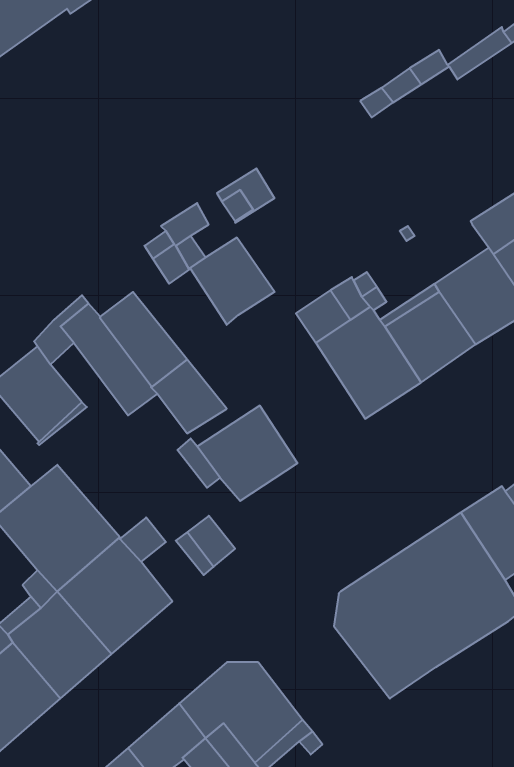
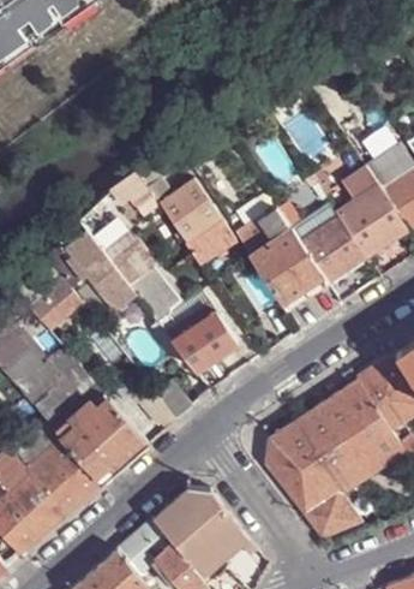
building: none -> [184,216,241,269]
building: none -> [305,493,358,536]

